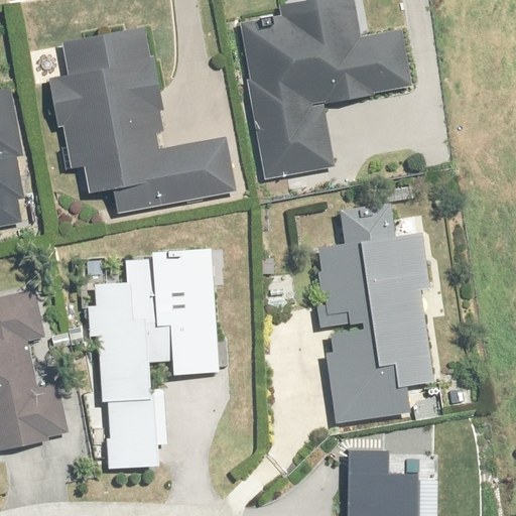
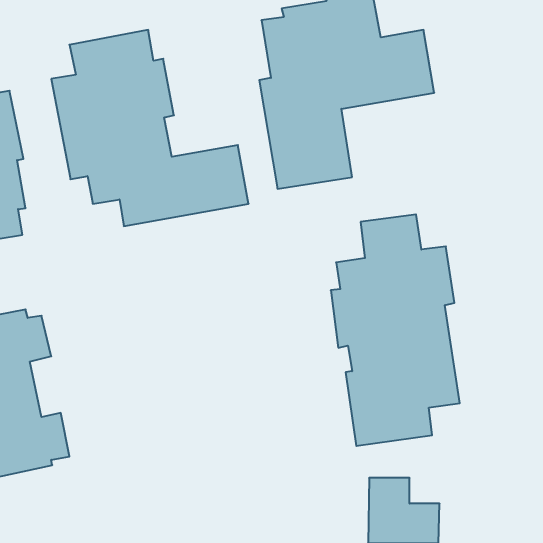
building: [87,246,219,467] -> none

